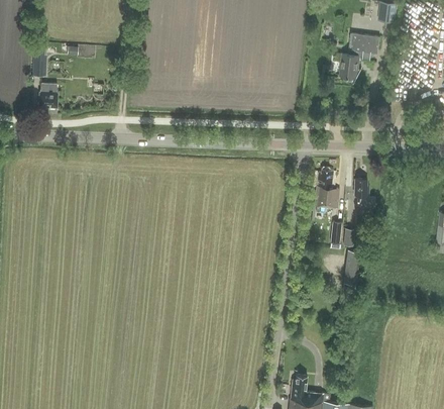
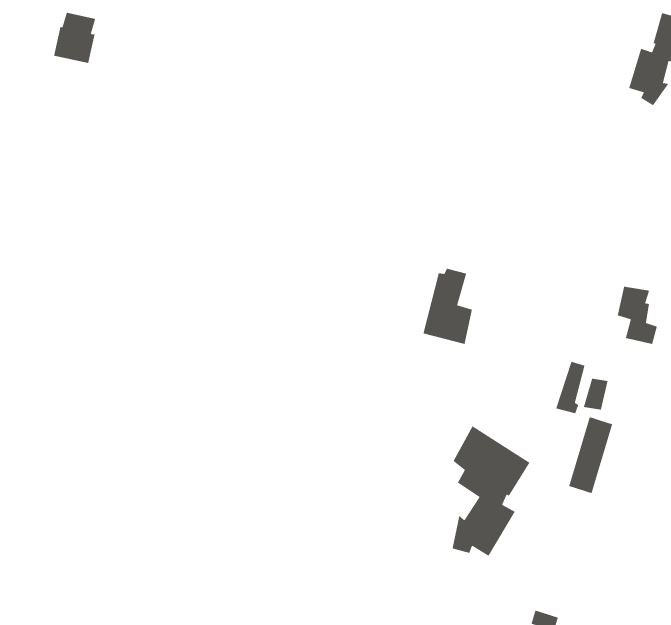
building: [314,170,338,208] -> [422,268,473,345]
building: none -> [451,425,530,557]

